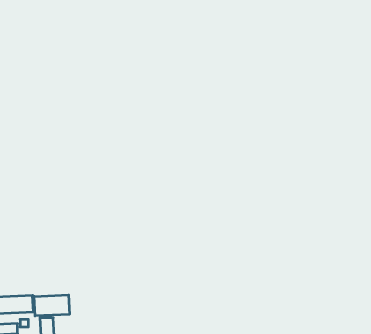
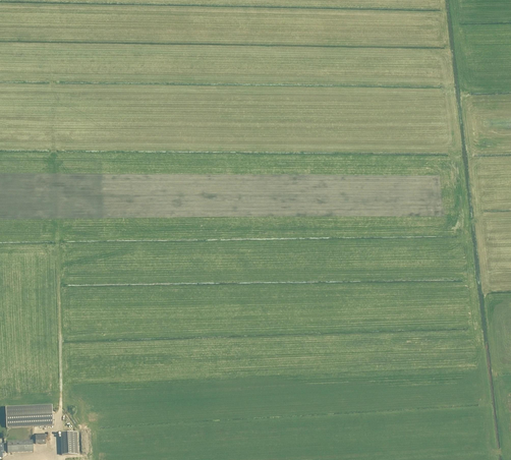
building: [34,295,69,316] -> none

